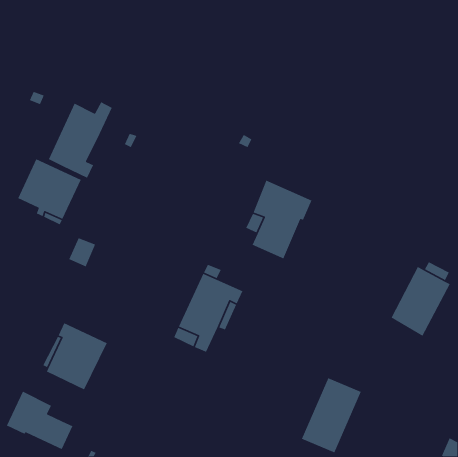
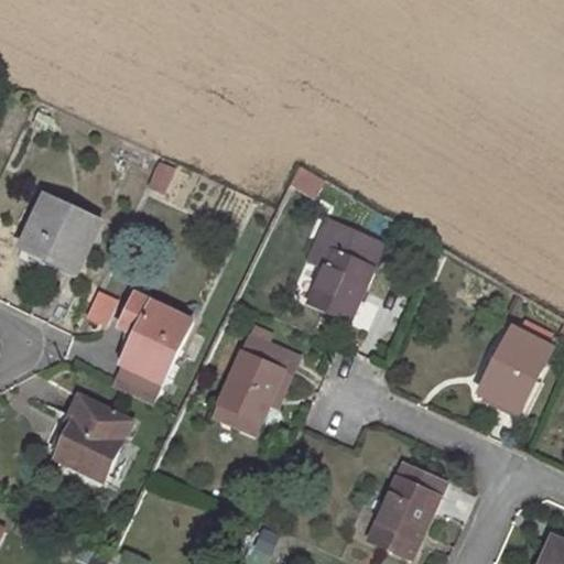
building: [48,101,113,179] -> none
building: none -> [110,293,191,404]
building: [6,390,74,450] -> none

